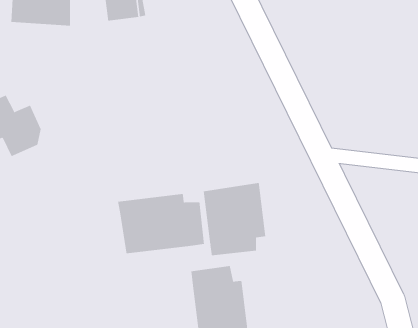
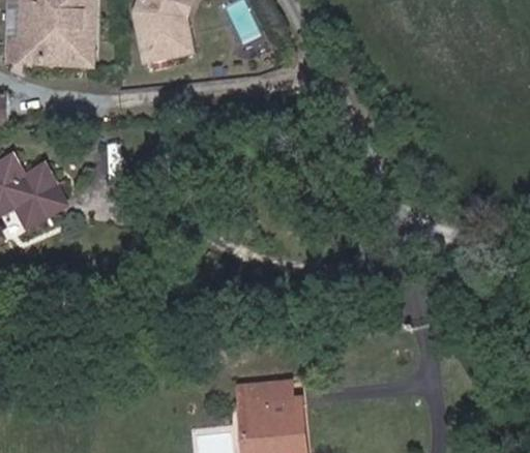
building: [203,182,266,256] -> none
building: [118,193,204,254] -> none

